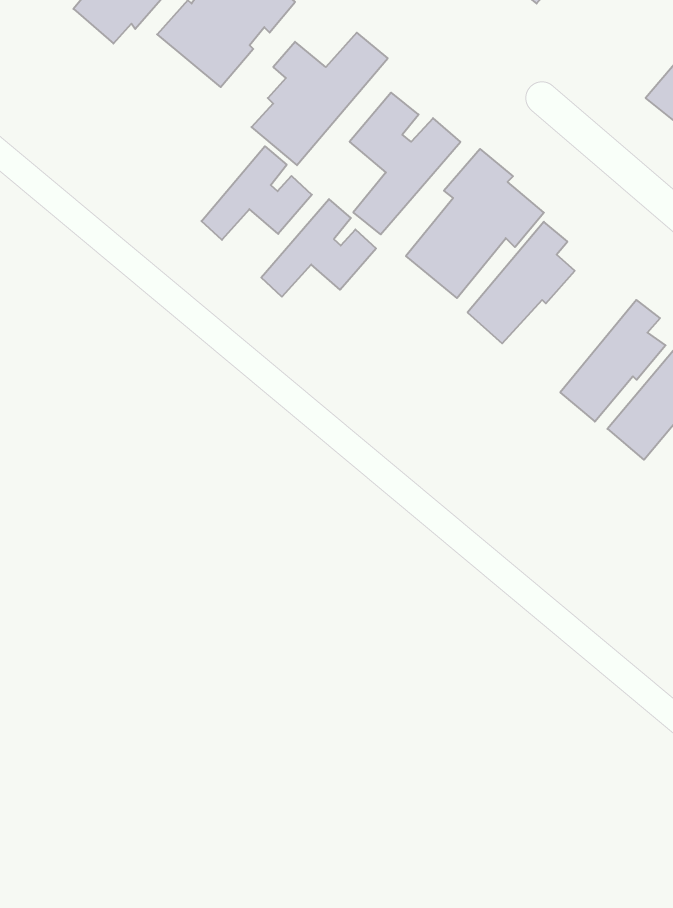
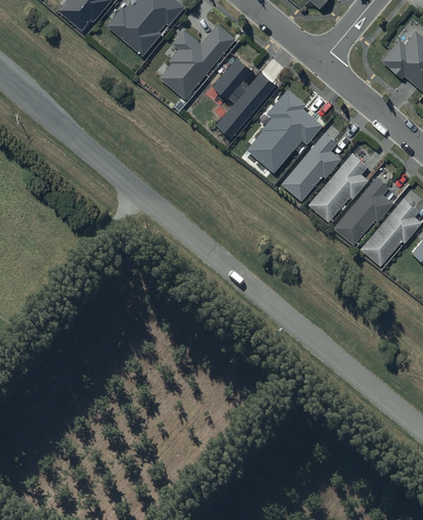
building: [201,146,312,240] -> none
building: [261,199,376,297] -> none
building: none -> [307,151,369,222]

